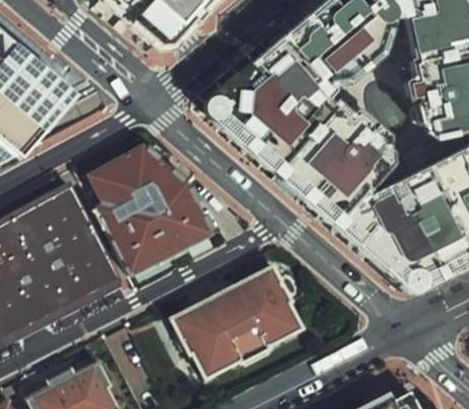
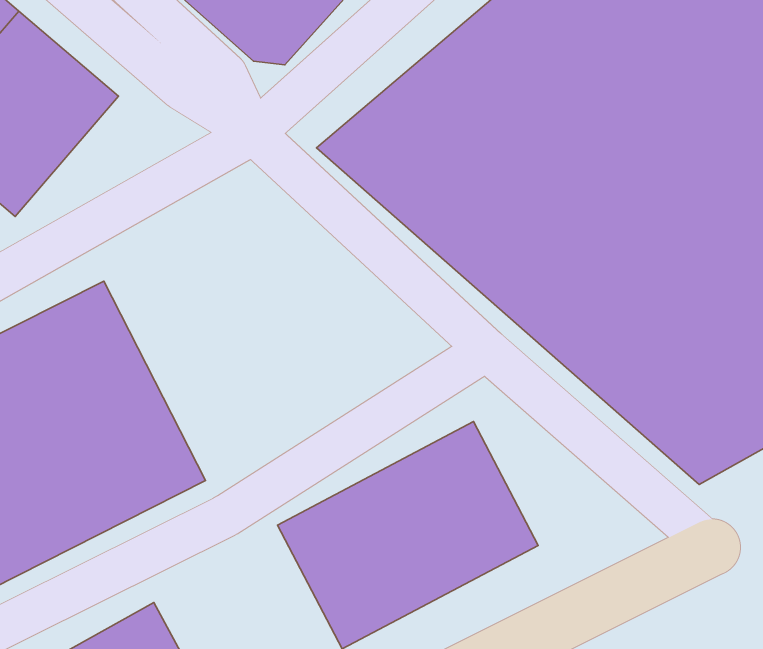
building: [92,142,222,279] -> none

